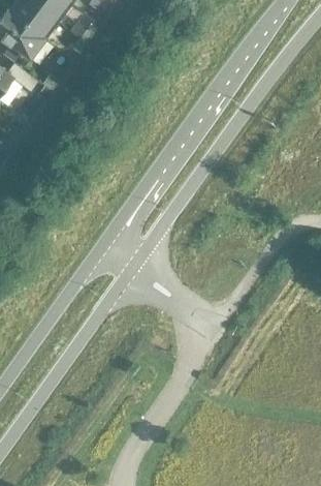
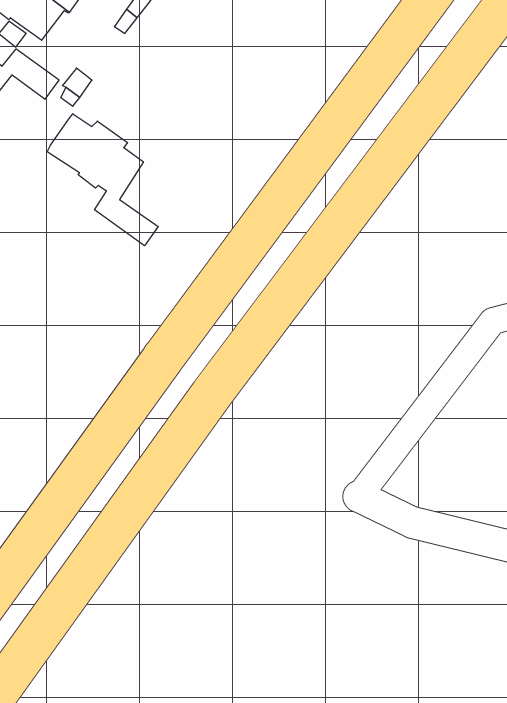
building: none -> [47,114,158,246]

